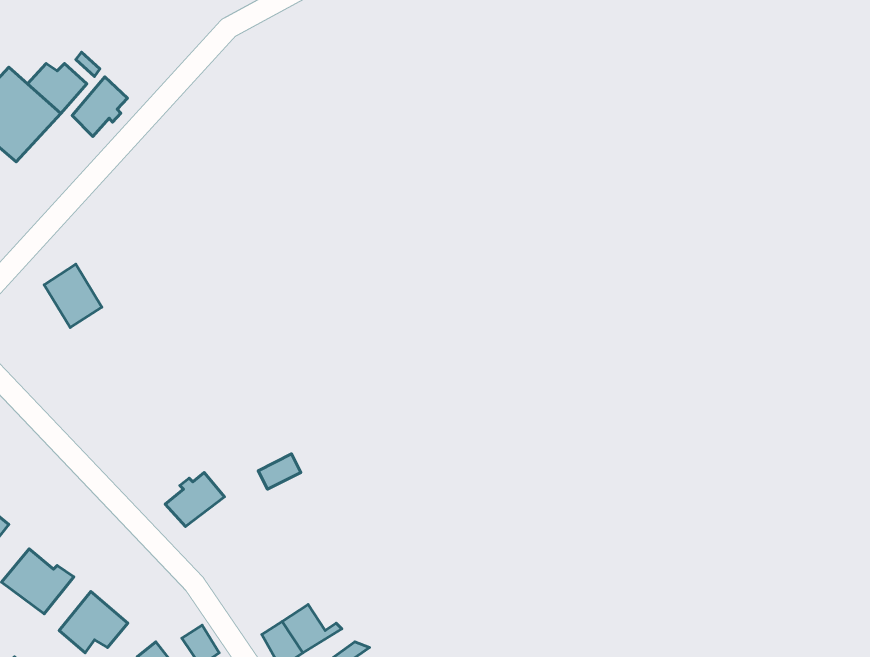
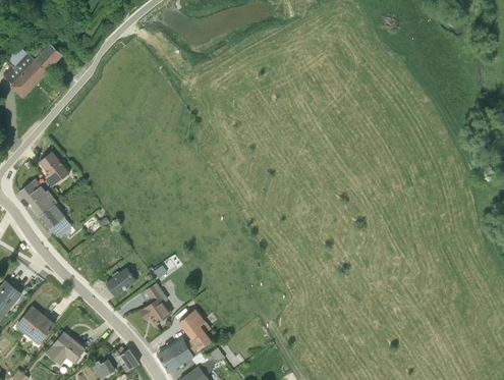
building: [72,77,127,137] -> none
building: none -> [20,178,78,240]
building: none -> [139,281,173,325]
building: none -> [179,308,212,348]

